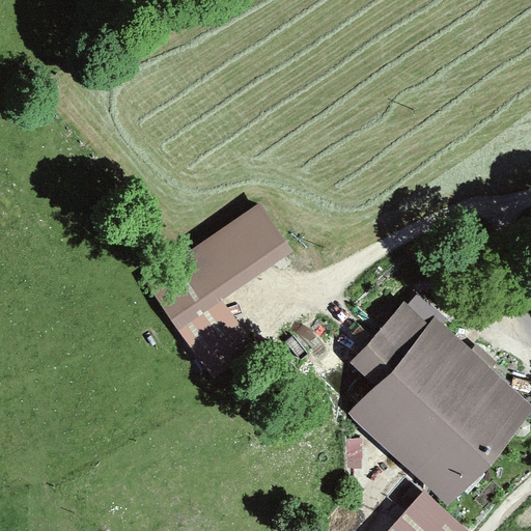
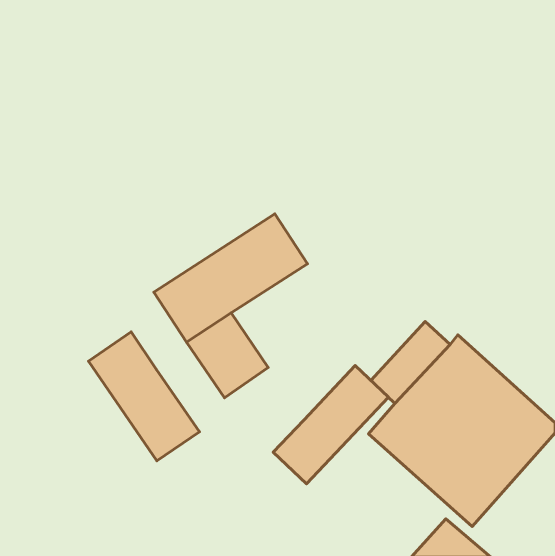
building: none -> [88,332,200,461]
building: none -> [273,366,388,484]

